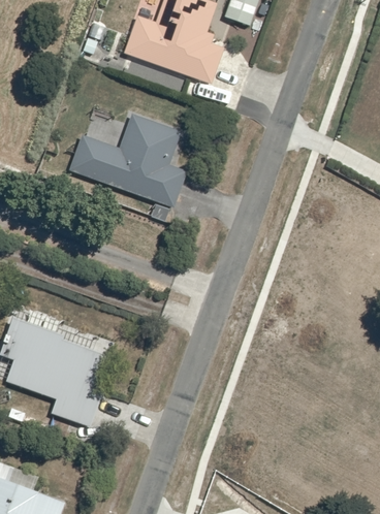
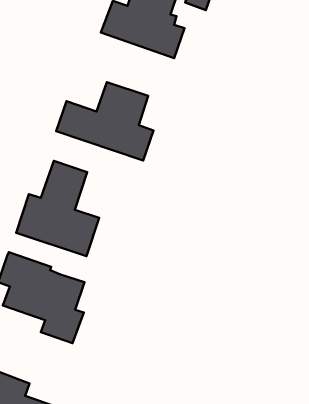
building: none -> [16,161,99,256]

